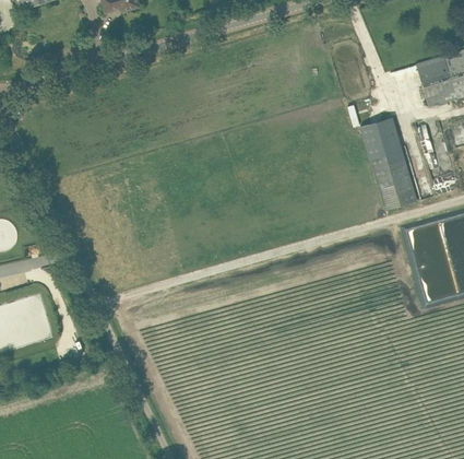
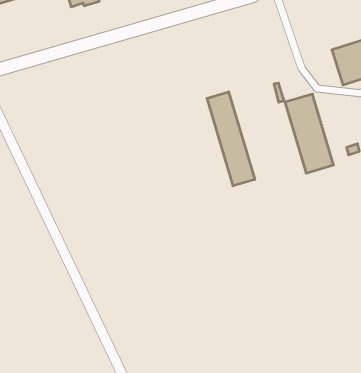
building: none -> [207,92,255,186]

